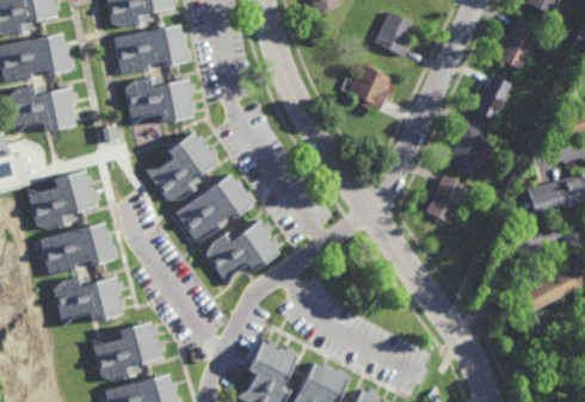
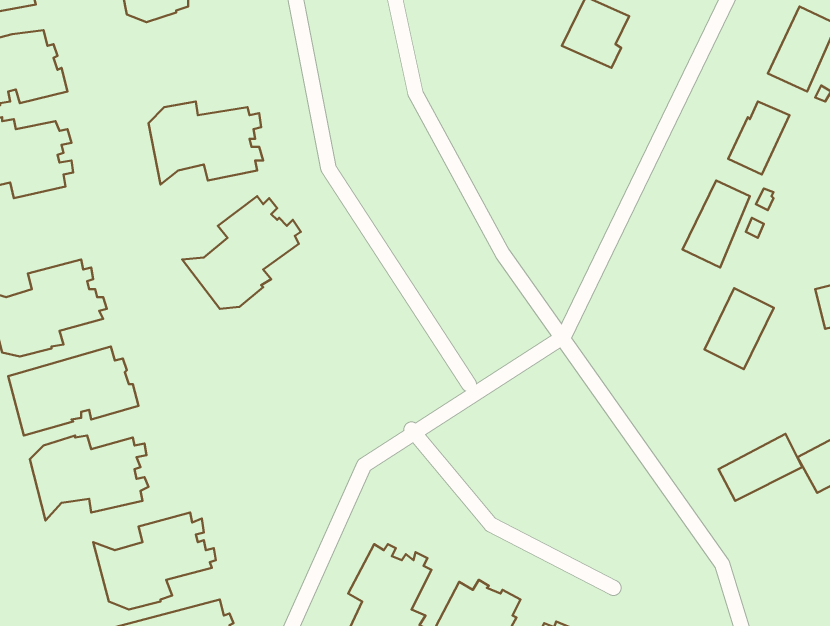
building: [115,21,191,75] -> none
building: [346,63,392,113] -> none
building: [174,173,254,243] -> none
building: [425,174,467,223] -> [704,288,774,369]
building: [205,219,278,286] -> none
building: none -> [718,434,802,501]

